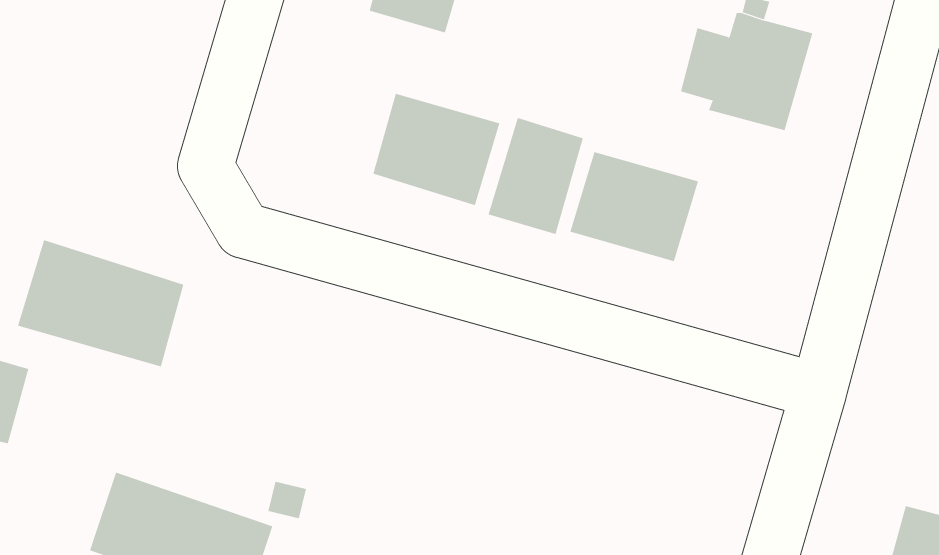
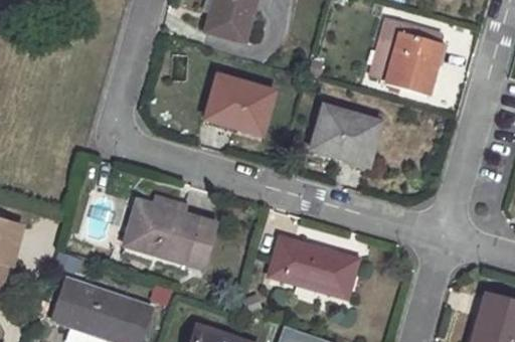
building: [488,117,583,235] -> none
building: [17,240,184,367] -> [124,198,213,267]
building: none -> [271,235,357,296]

